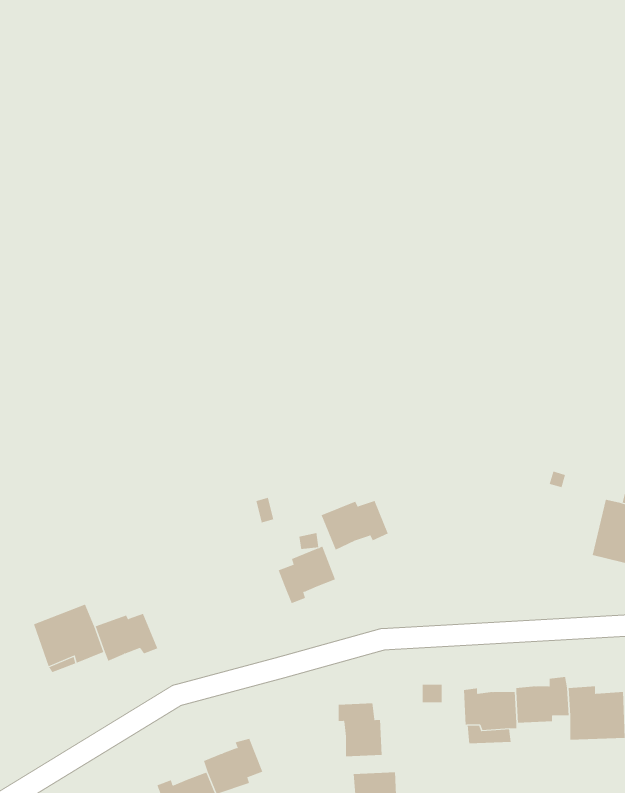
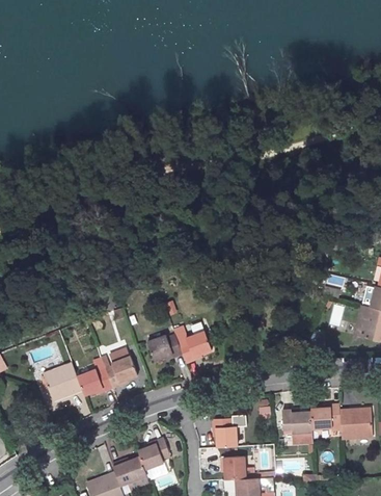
building: [321,500,389,550] -> none
building: none -> [146,334,182,361]
building: none -> [104,347,137,388]

